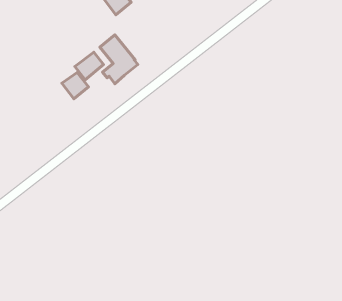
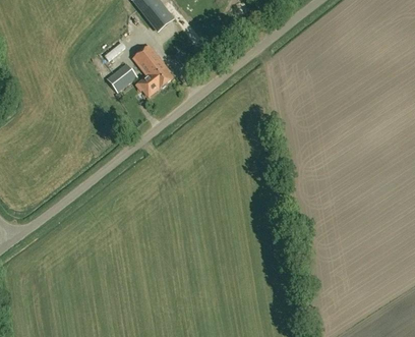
building: [62,72,88,99] -> none

